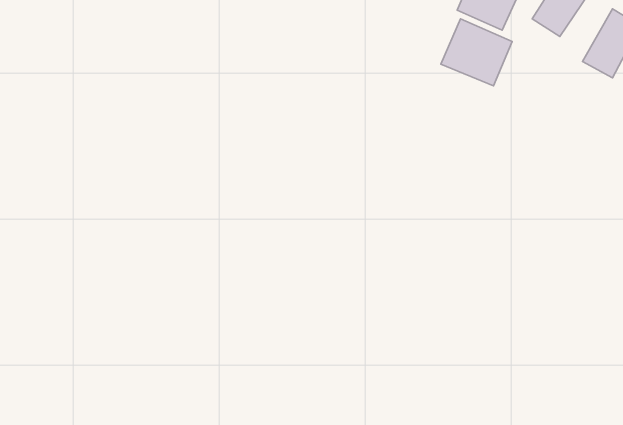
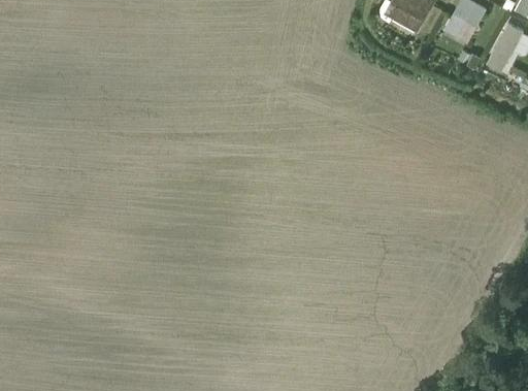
building: [441,19,512,86] -> none

